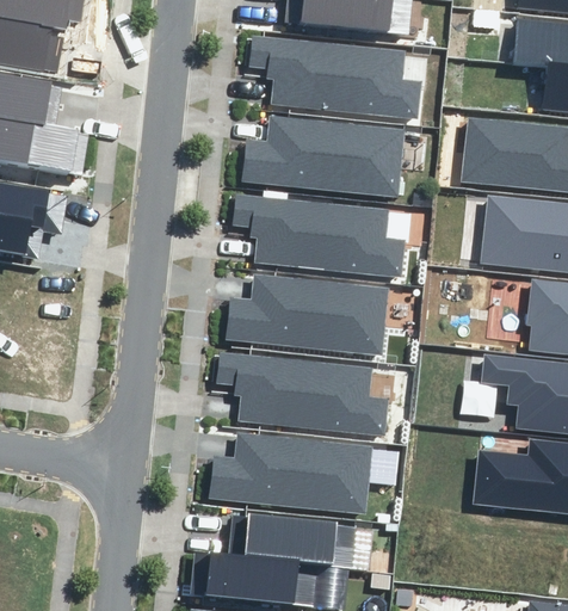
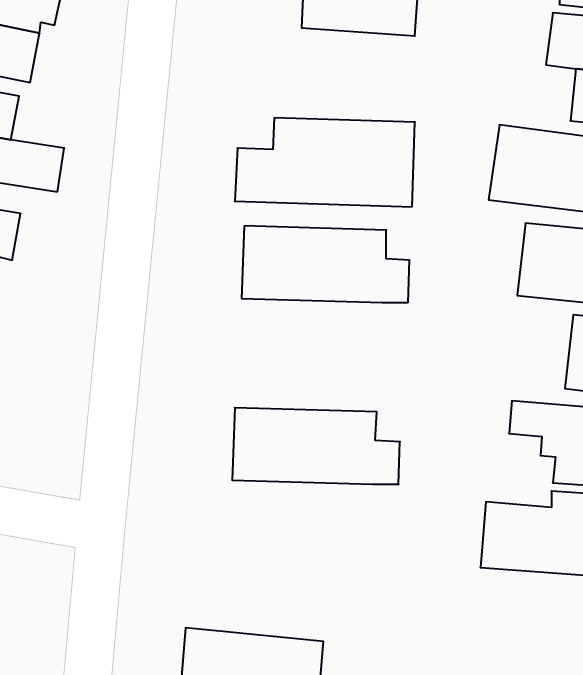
building: [276,44,422,111] -> none
building: [214,265,370,342] -> none
building: [204,424,362,501] -> none
building: [234,514,360,568] -> none

